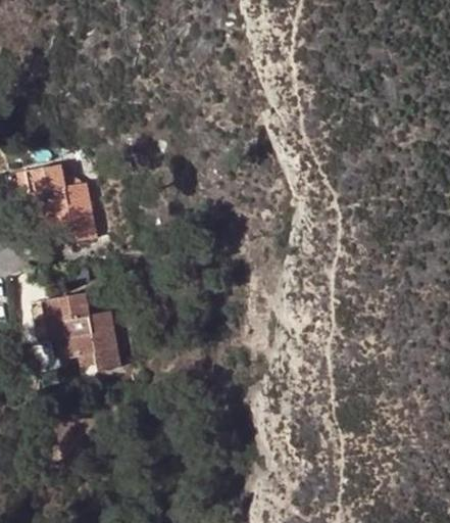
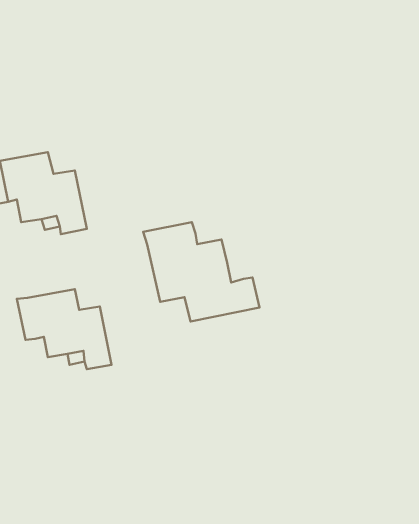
building: none -> [143,222,260,322]

